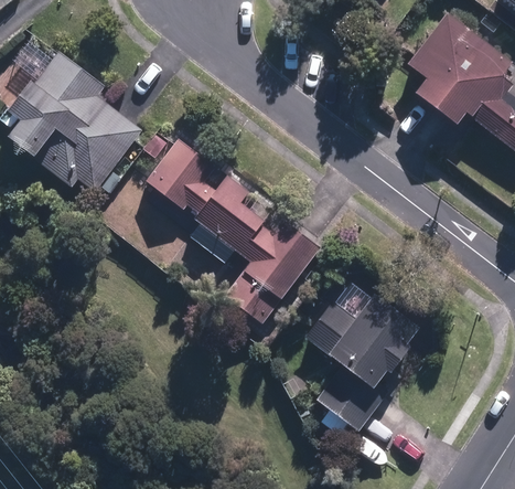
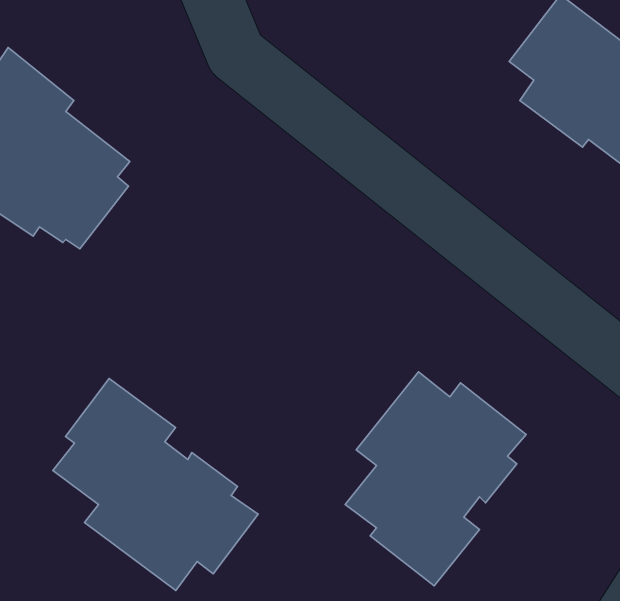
building: [142,136,321,326] -> none
building: none -> [53,379,258,590]

